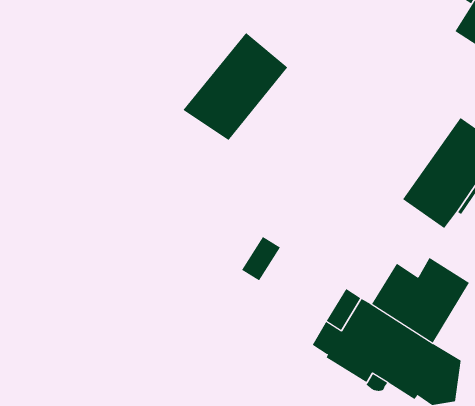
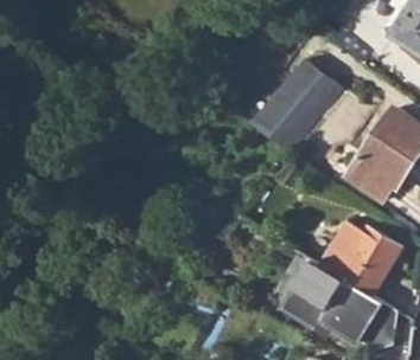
building: [182,32,288,141] -> [252,59,341,150]

